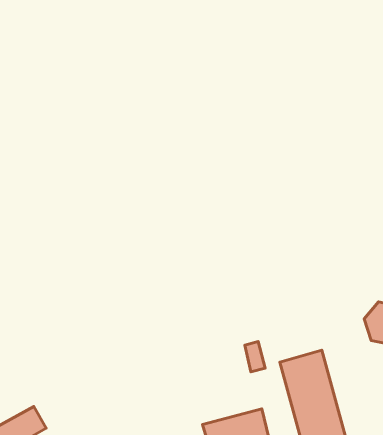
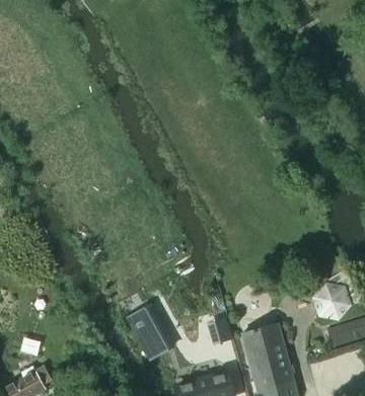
building: none -> [127,300,173,355]

